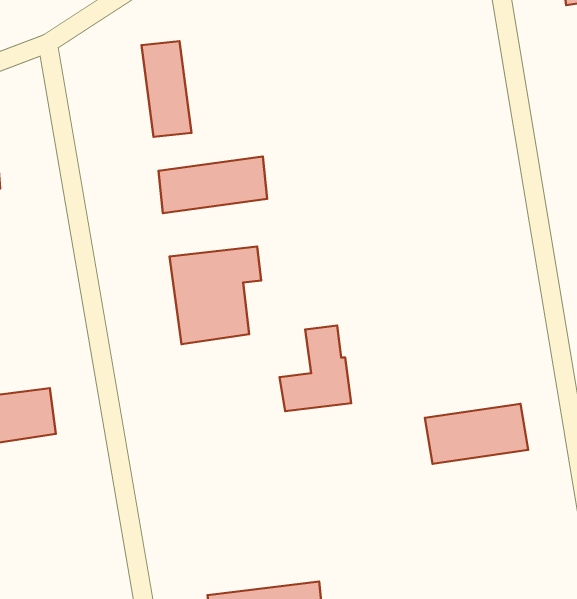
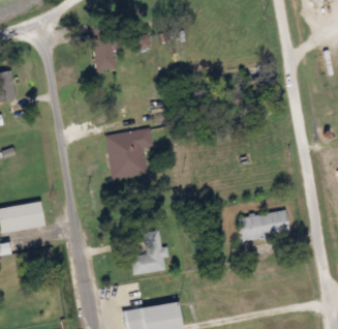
building: [158,156,267,213] -> none
building: [279,325,351,411] -> [129,230,166,274]

